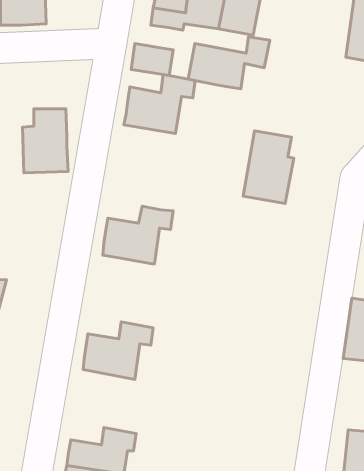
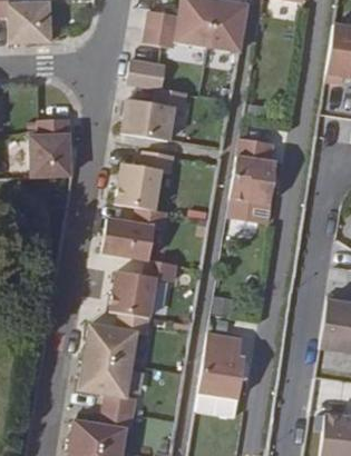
building: [188,37,270,89] -> none
building: none -> [115,150,172,210]
building: none -> [109,259,175,317]
building: none -> [196,333,242,399]
building: none -> [78,355,134,413]

